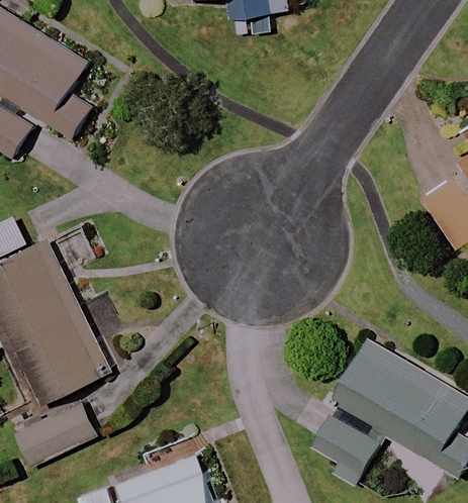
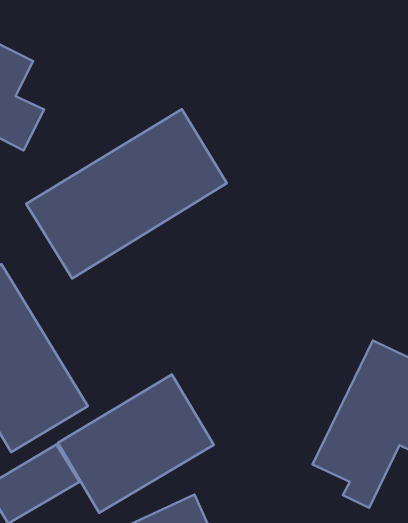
building: none -> [26,109,227,278]
building: none -> [58,375,214,513]

